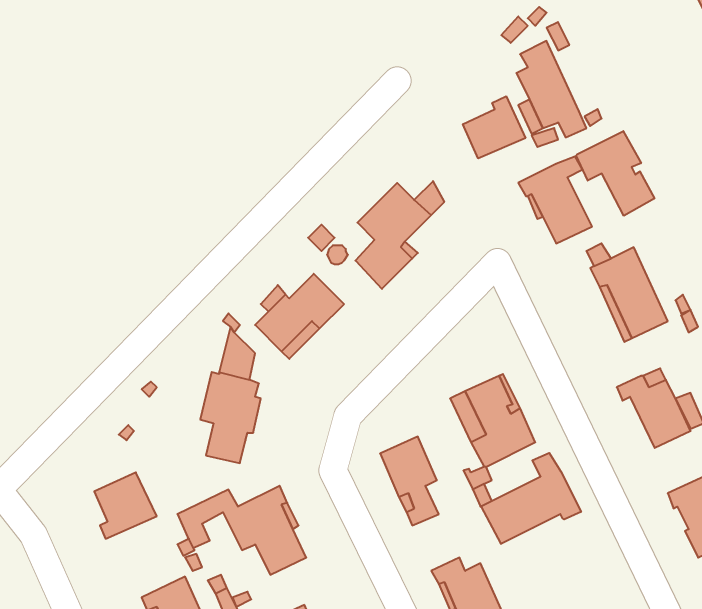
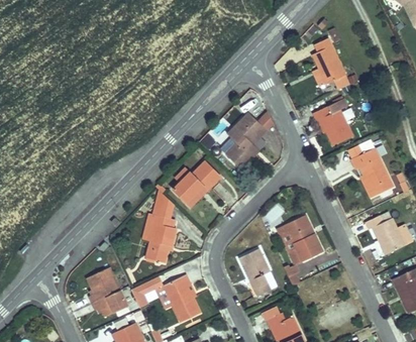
building: [463,96,525,158] -> none
building: [576,131,654,216] -> none
building: [481,453,581,544] -> none
building: none -> [93,291,127,317]

